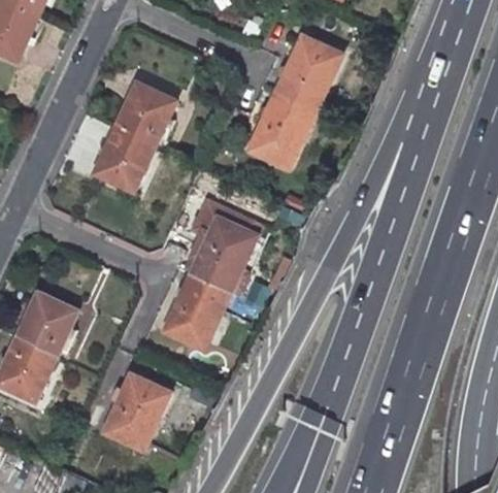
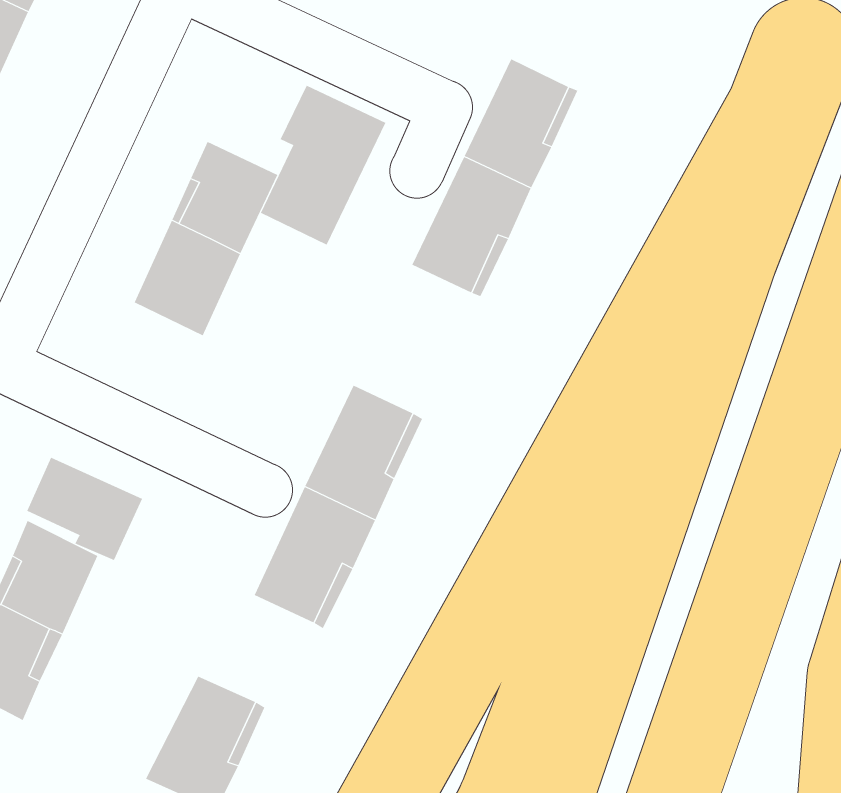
building: none -> [260,85,386,245]
building: none -> [26,457,143,561]

